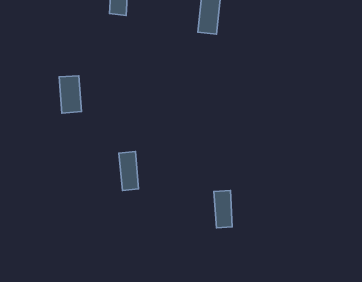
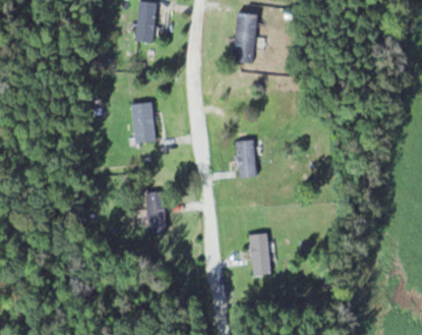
building: [59,76,81,113] -> [131,102,156,143]
building: none -> [236,138,257,178]

